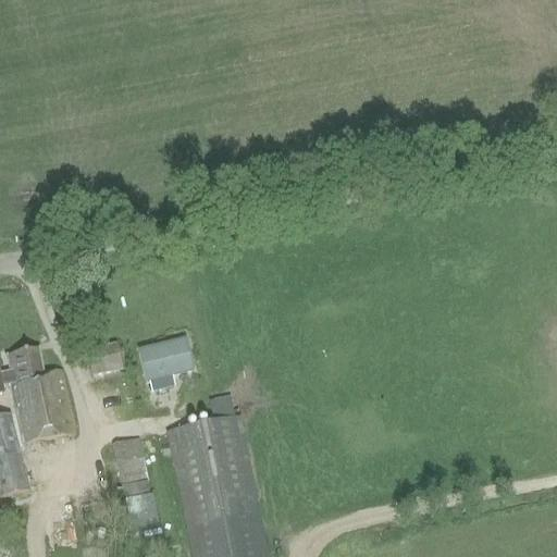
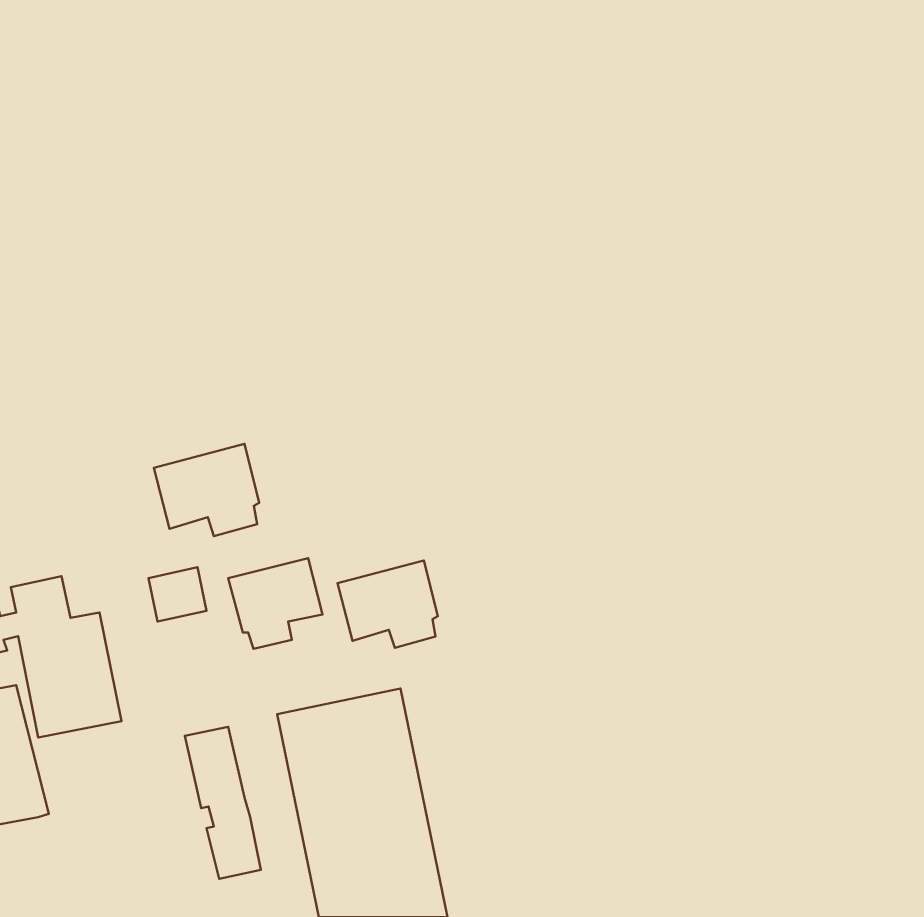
building: none -> [154,444,259,536]
building: none -> [338,560,438,648]

